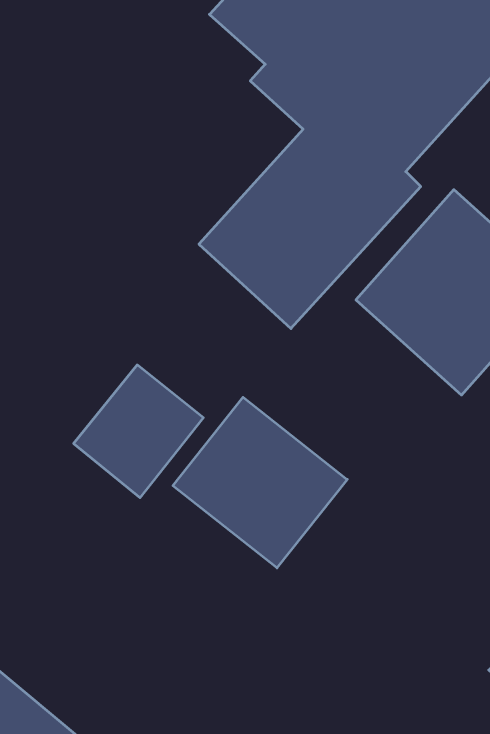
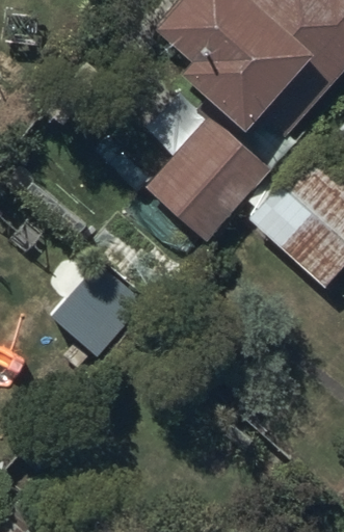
building: [173,397,347,568] -> none

